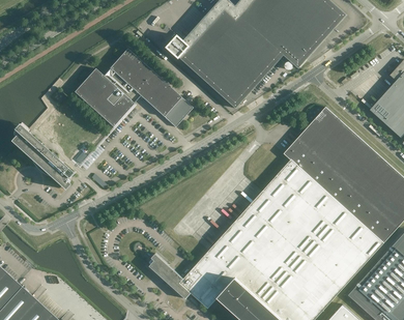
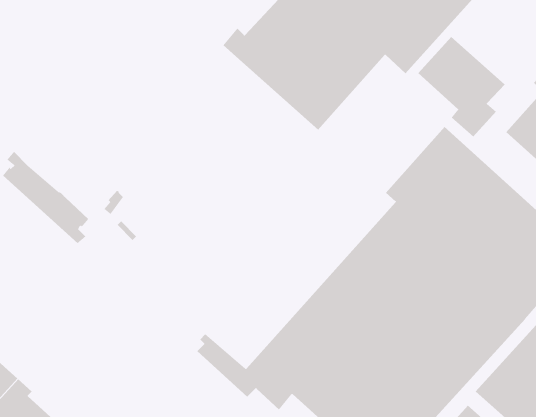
building: none -> [418,36,505,137]
building: [75,49,193,127] -> none

